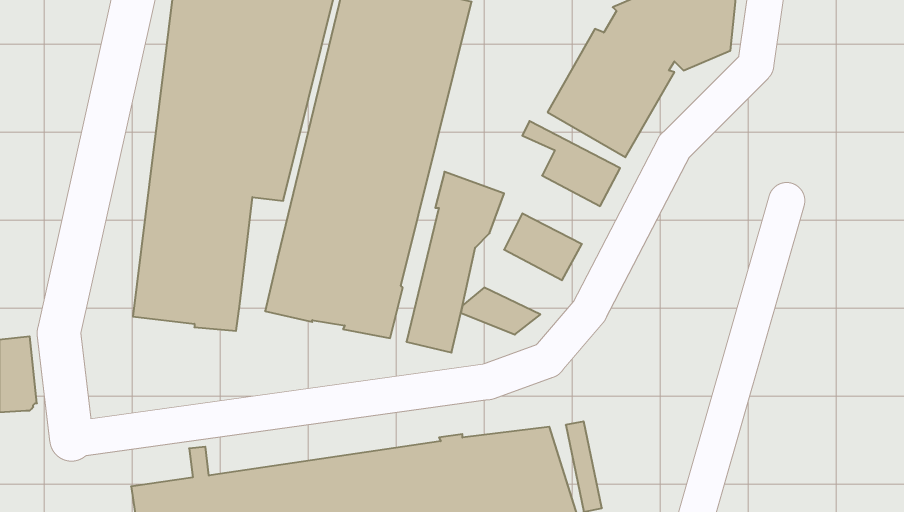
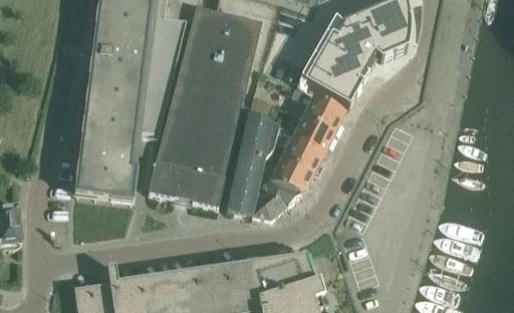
building: none -> [290,115,333,153]
building: none -> [269,156,312,193]
building: none -> [251,192,286,218]

